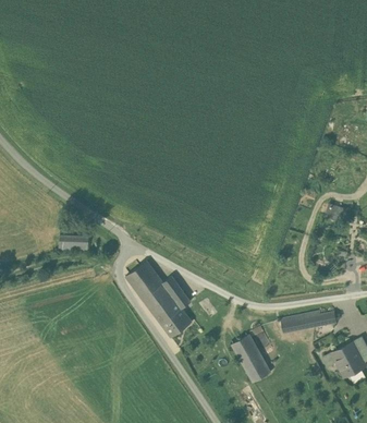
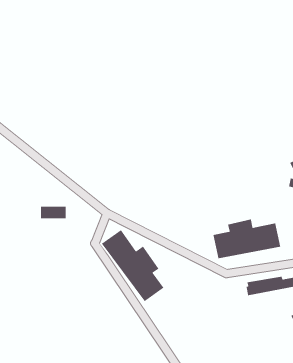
building: none -> [212,219,281,259]
building: [231,335,272,384] -> none

